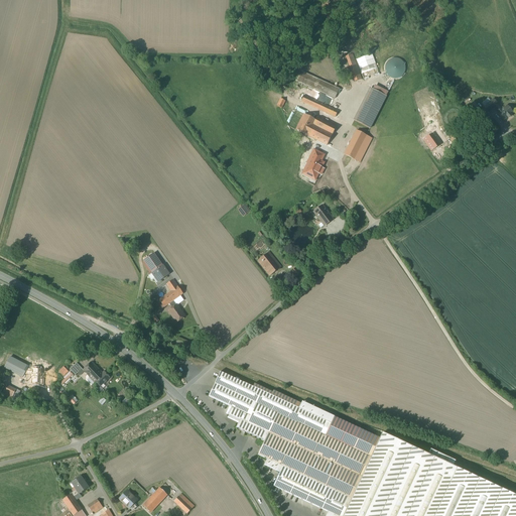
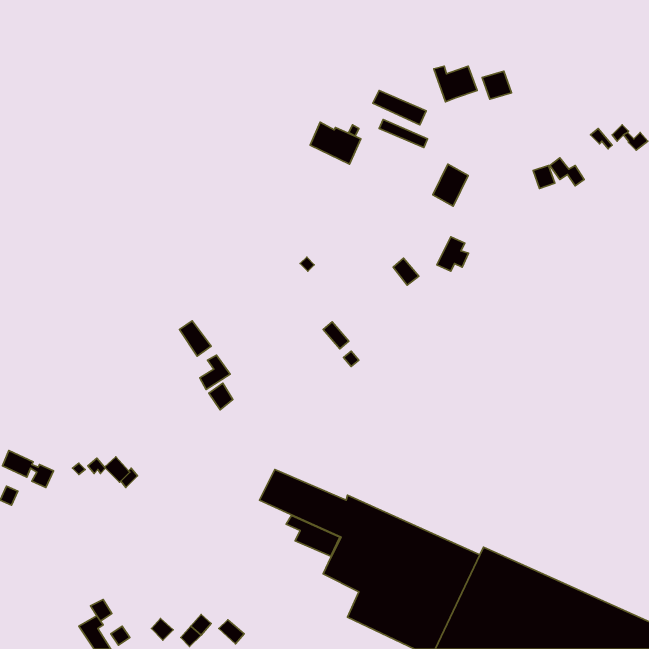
building: [352,88,386,129] -> none
building: [295,113,336,146] -> [310,122,361,164]
building: [302,152,328,179] -> [437,237,469,271]

